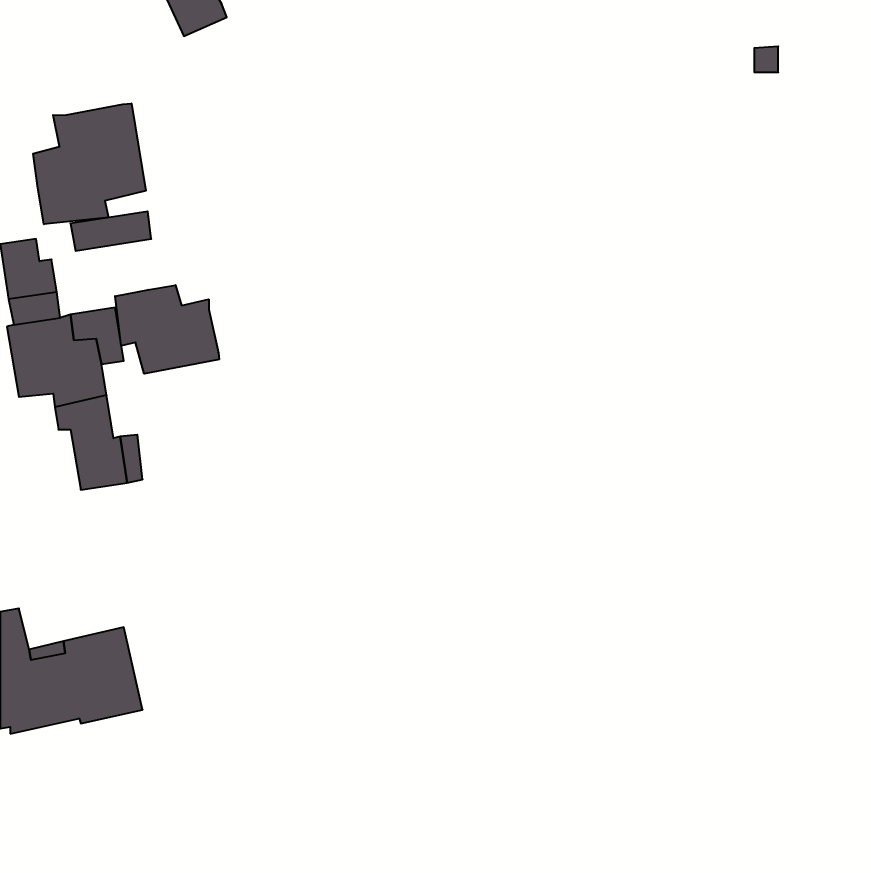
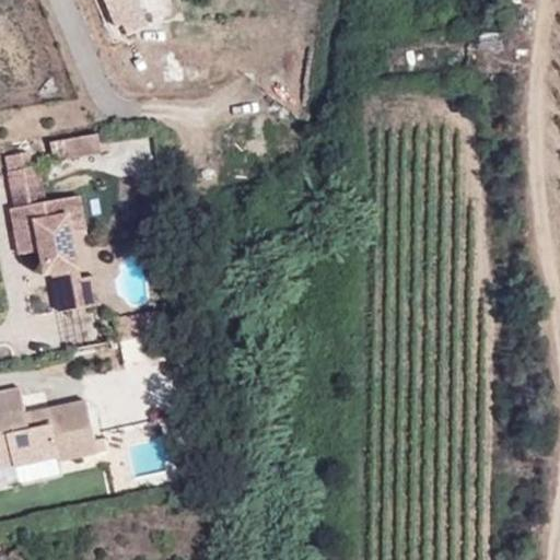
building: [33,103,146,224] -> none
building: [115,285,219,374] -> none

